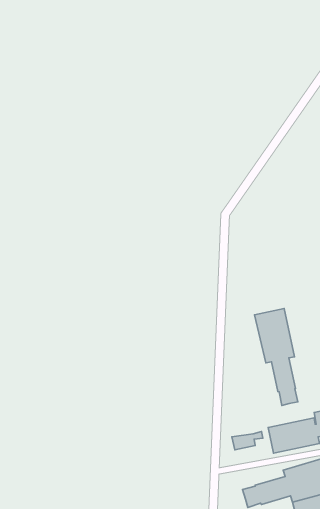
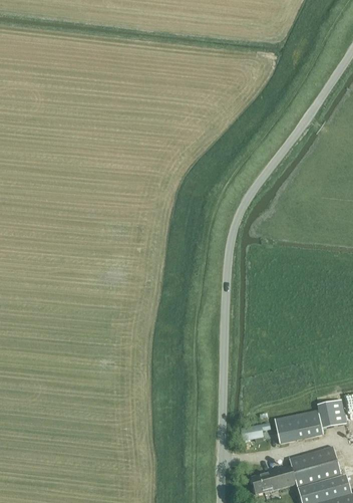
building: [255,308,298,405] -> none

